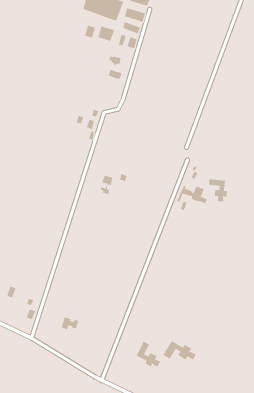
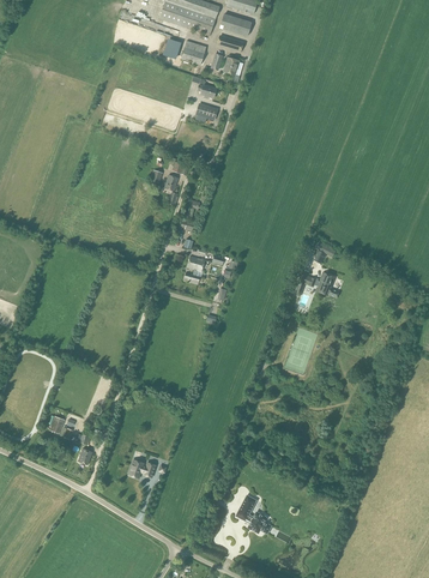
building: [208,179,227,202] -> none
building: [162,340,196,360] -> none

